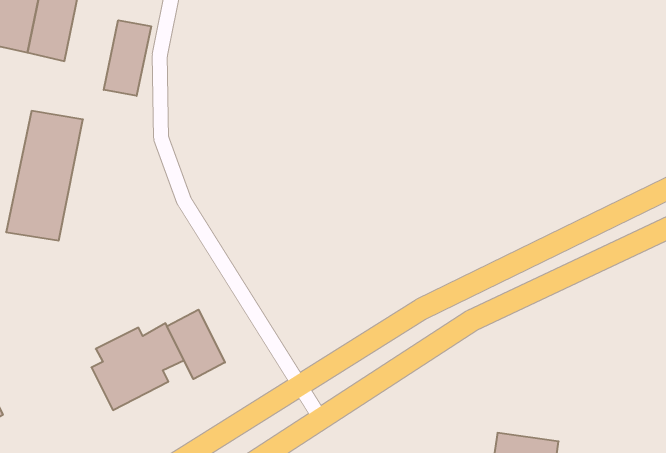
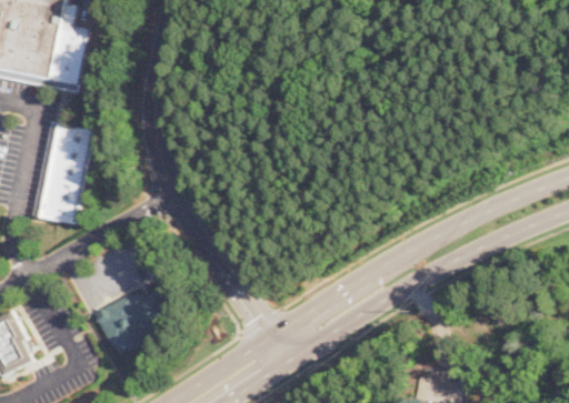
building: [104,20,151,96] -> none
building: [167,310,225,379] -> none

